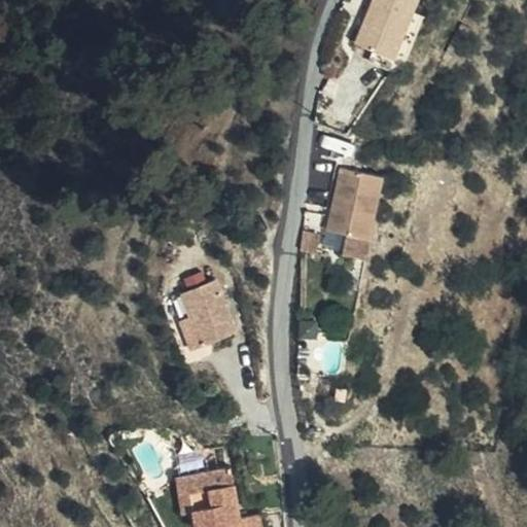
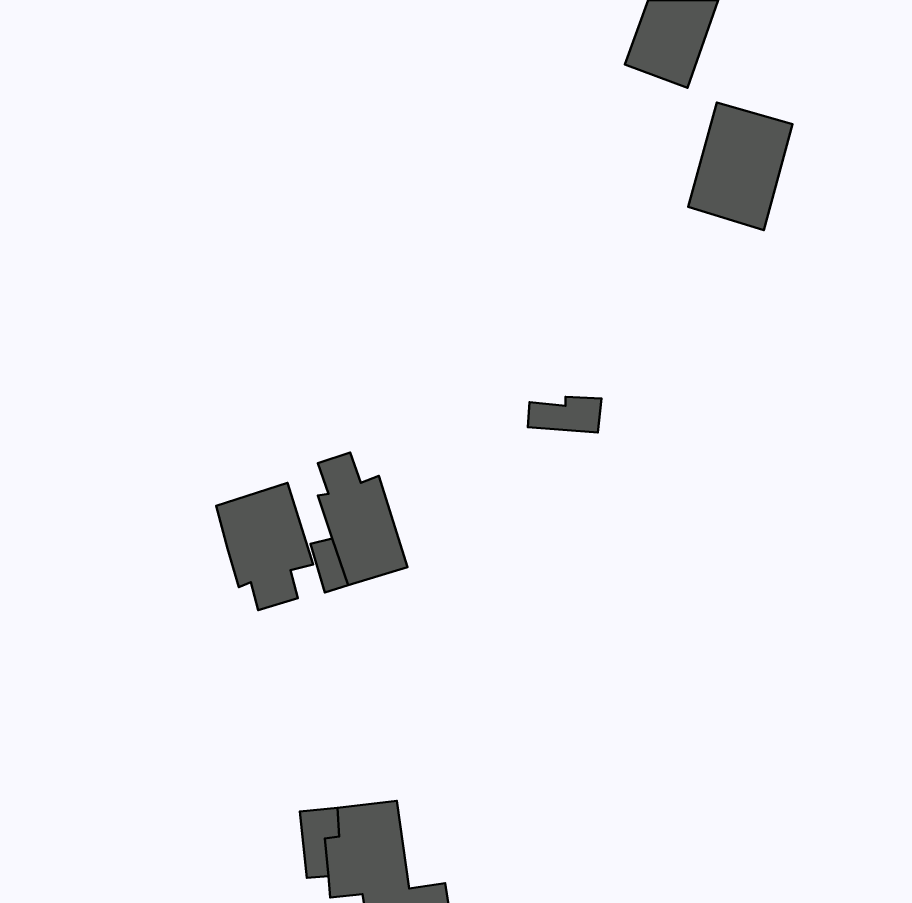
building: [327,168,387,241] -> [688,103,792,230]
building: none -> [216,483,313,610]

